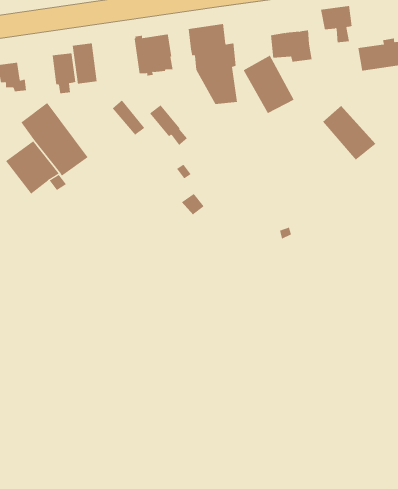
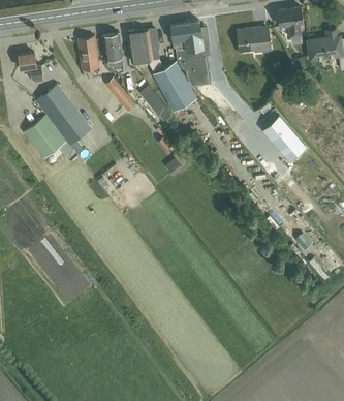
building: [52,53,76,94] -> [102,34,122,67]
building: [243,55,294,114] -> [154,62,195,110]
building: [322,105,376,160] -> [262,117,306,161]

